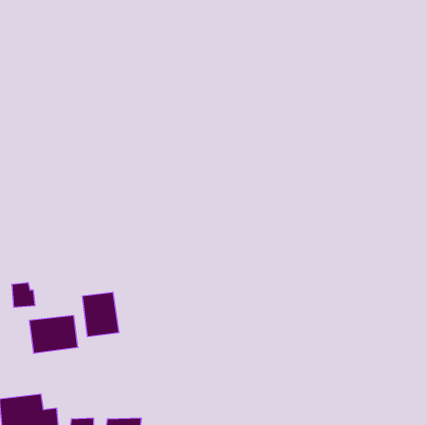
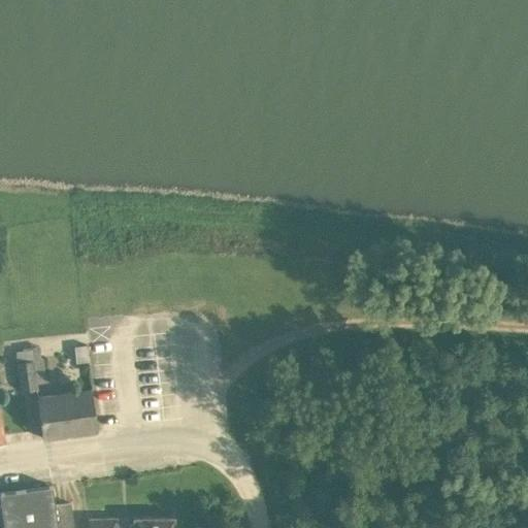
building: [83,292,119,337] -> none

